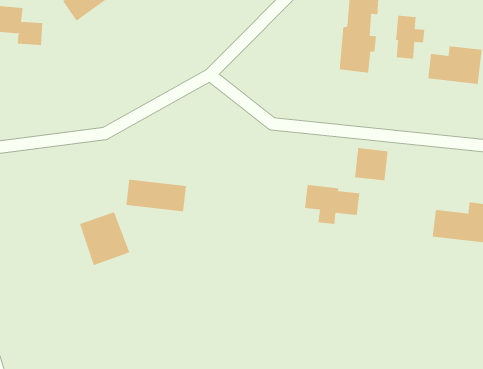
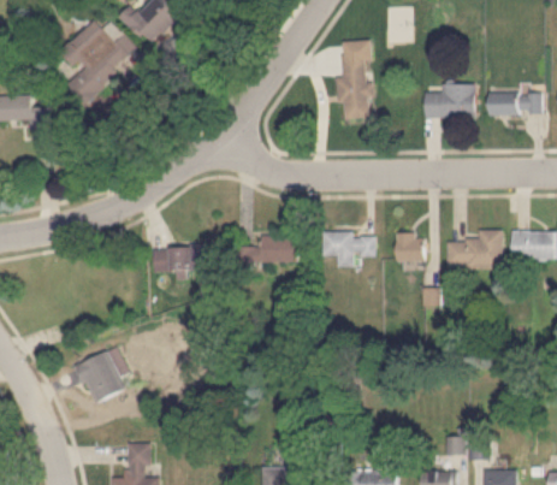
building: [396,15,425,59] -> none
building: [354,147,389,181] -> [395,233,425,262]
building: none -> [238,235,296,262]
building: [79,212,130,266] -> [75,350,126,404]

